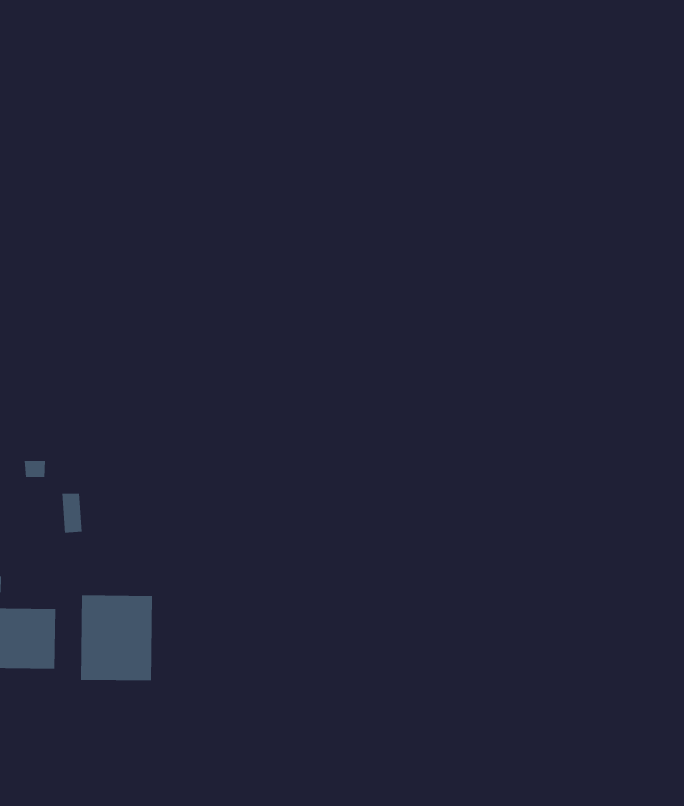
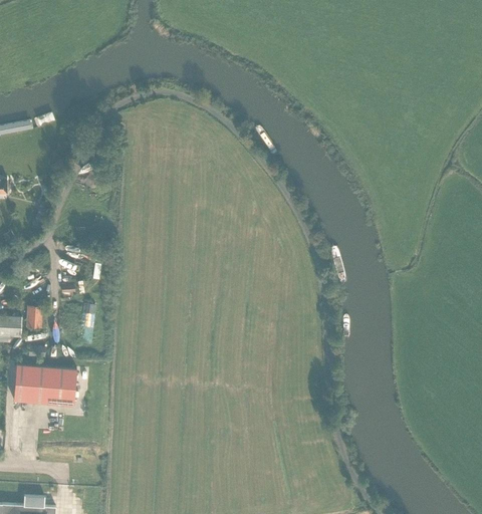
building: [80,595,152,681] -> none

